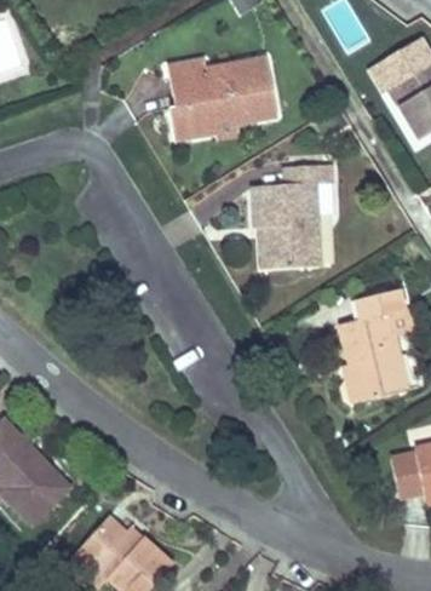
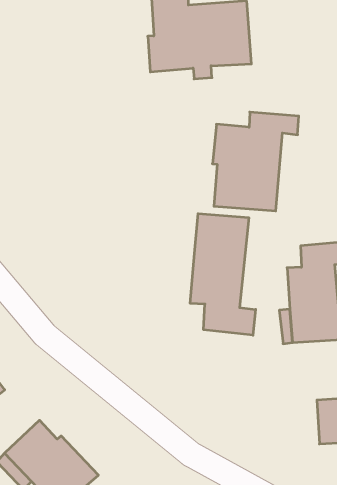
building: none -> [190,214,256,335]

